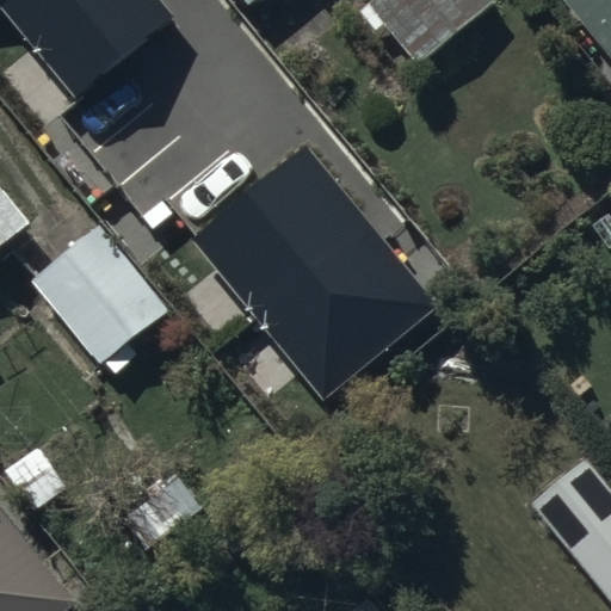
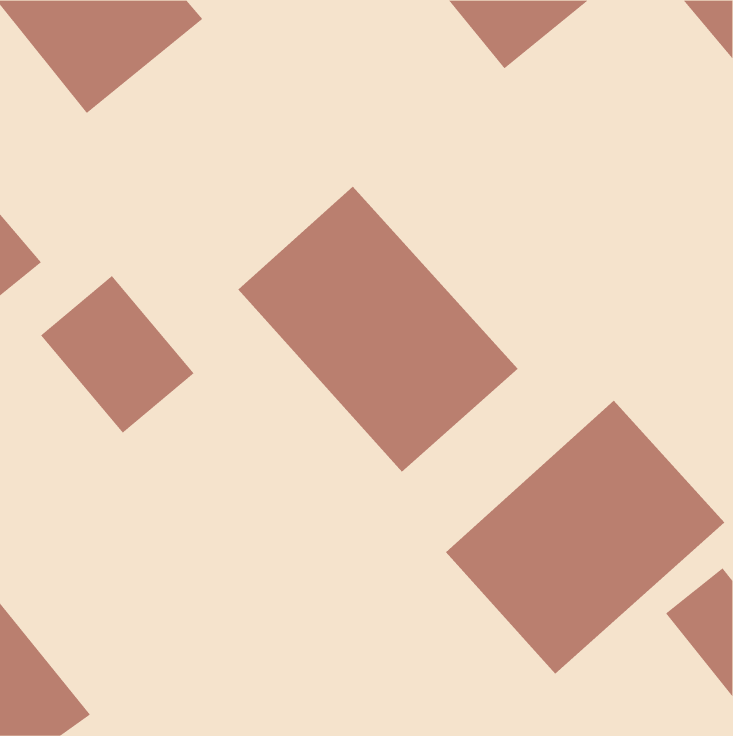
building: none -> [445,400,725,675]

